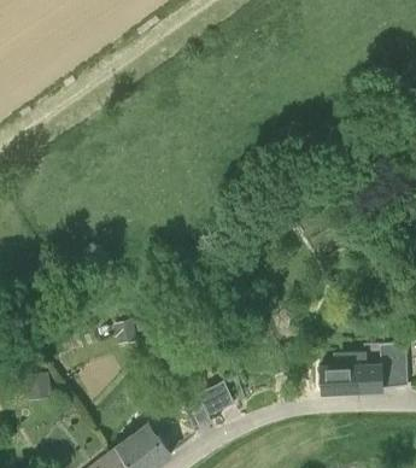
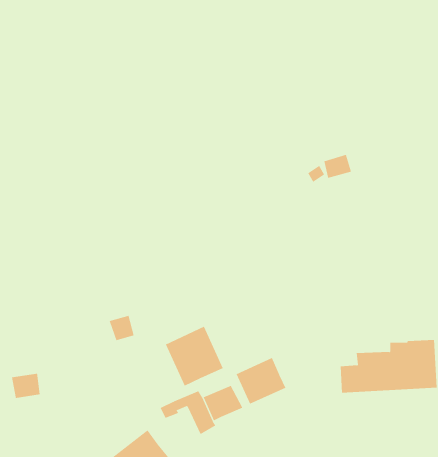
building: none -> [165,326,224,387]
building: none -> [236,357,286,405]

